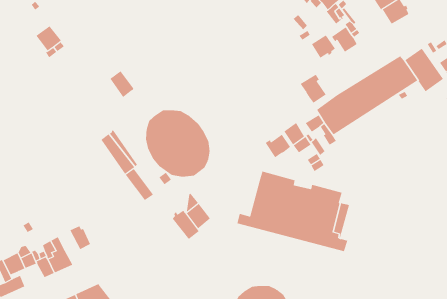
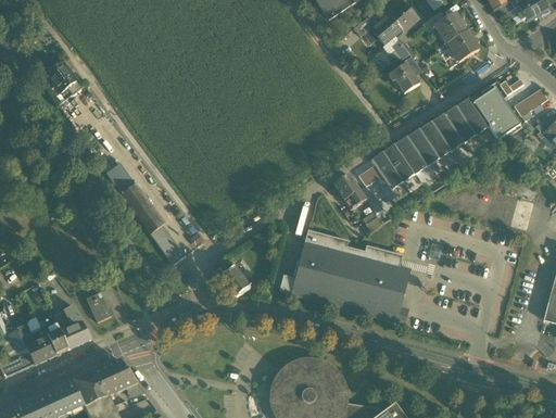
building: [311,35,336,59] -> none
building: [110,70,134,98] -> [106,163,135,194]
building: [300,74,327,103] -> none
building: [145,109,210,178] -> none
building: [265,134,291,158] -> none
building: [172,210,199,240] -> none
building: none -> [27,338,56,364]

